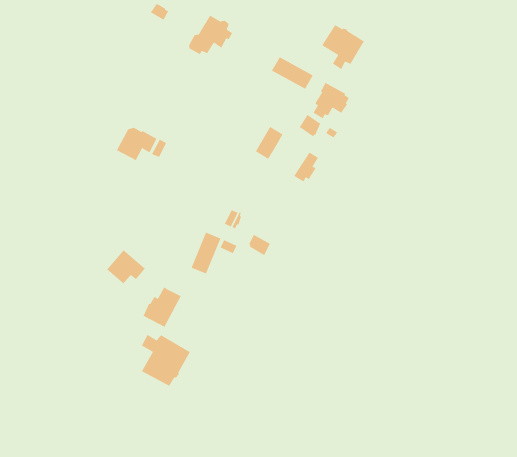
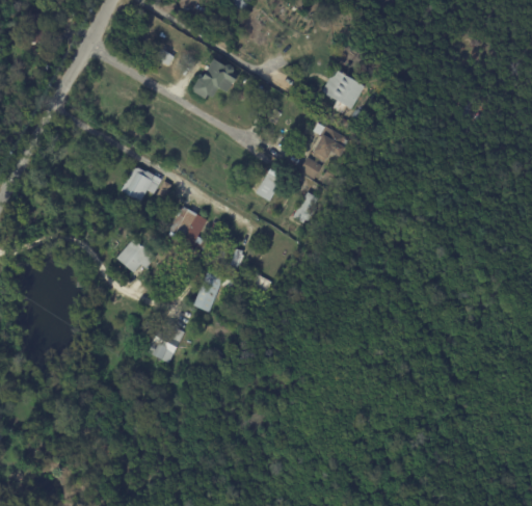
building: [271,56,314,90] -> none
building: none -> [168,206,207,246]
building: [106,249,146,285] -> [116,238,155,272]
building: [141,334,191,387] -> none

